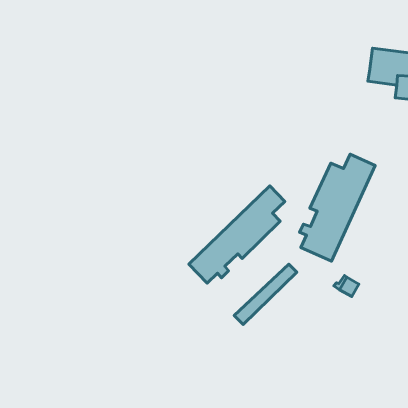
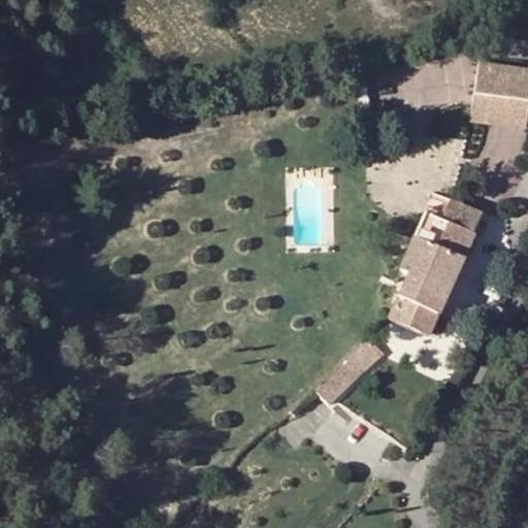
building: [189,186,285,283] -> none

